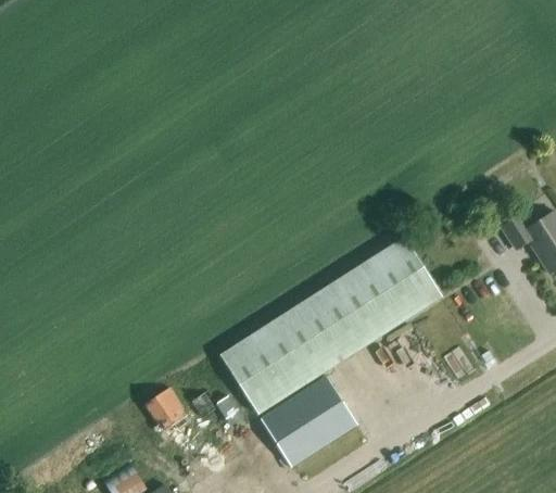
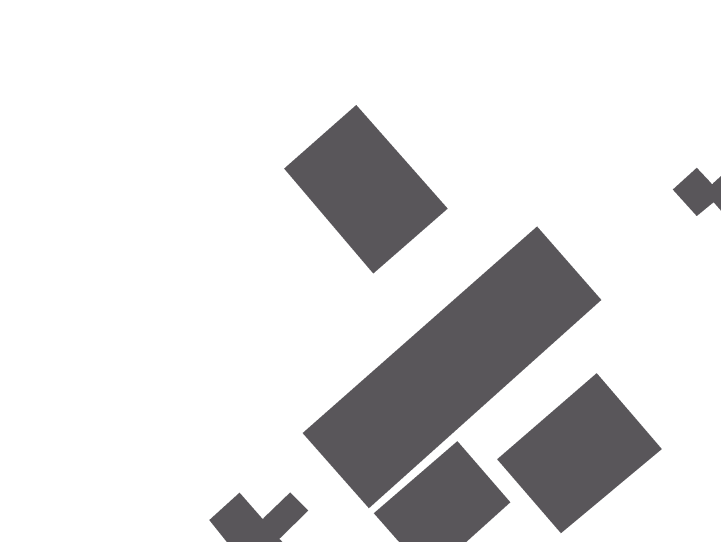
building: none -> [283,104,449,275]
building: none -> [496,372,663,534]

